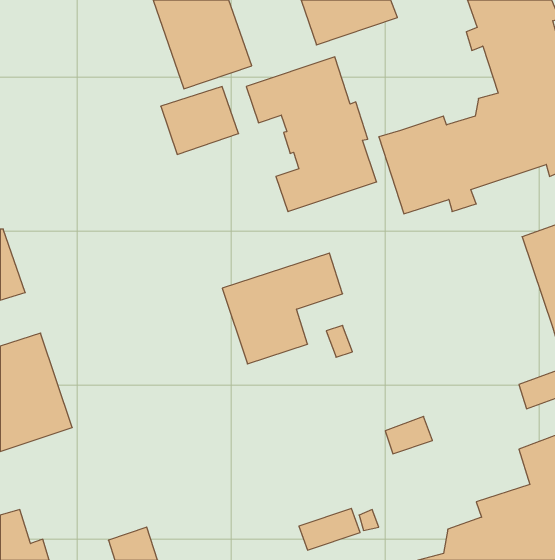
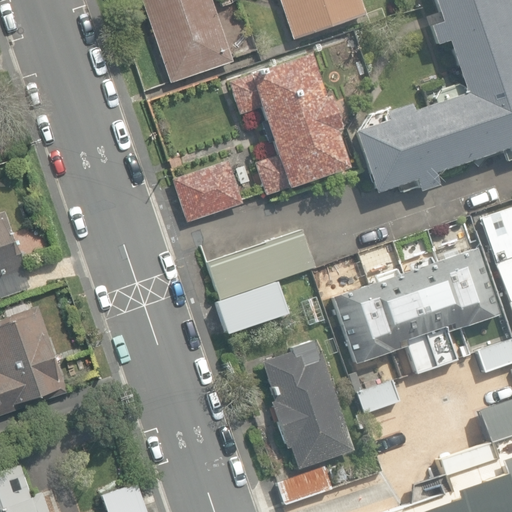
building: [161,87,239,154] -> [173,159,244,221]
building: none -> [332,248,498,374]
building: none -> [262,338,354,467]

